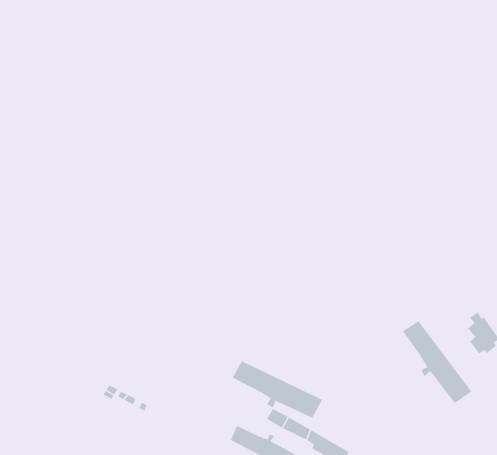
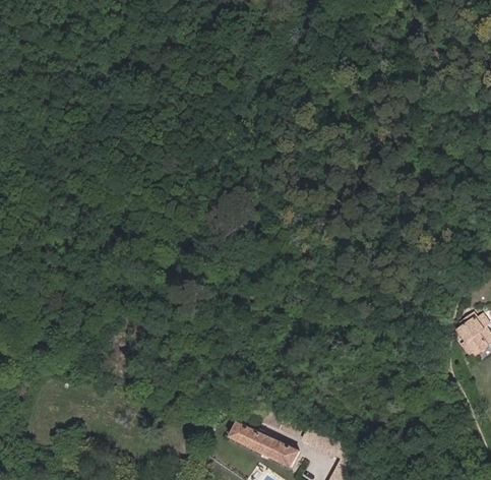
building: [402,320,472,404] -> none
building: [232,361,323,418] -> none

